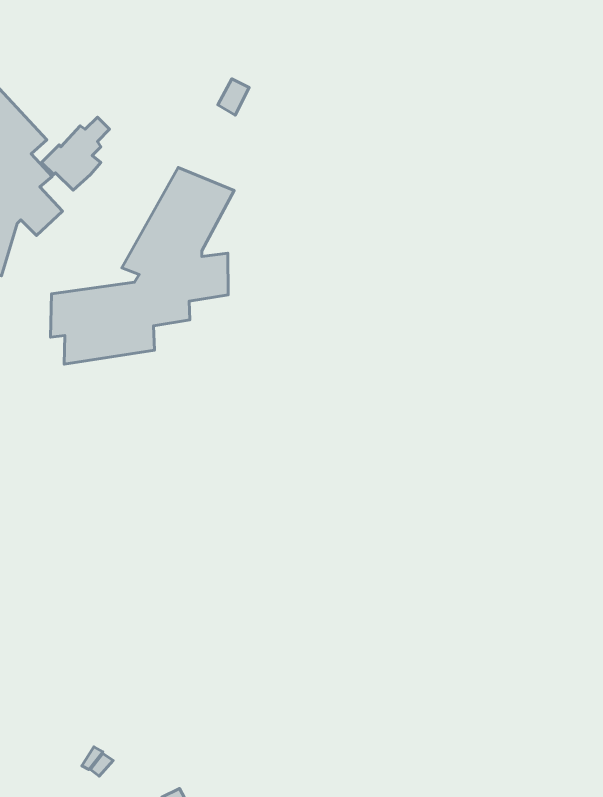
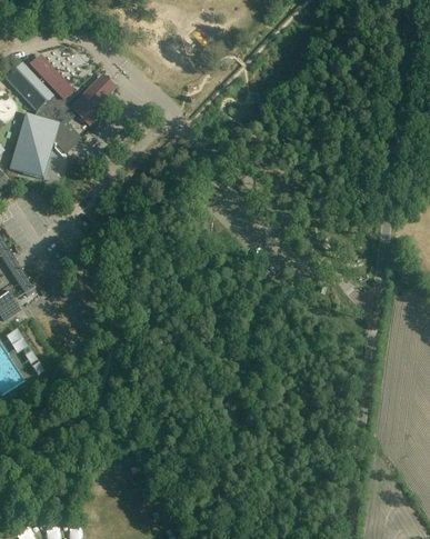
building: [50,167,234,364] -> none

